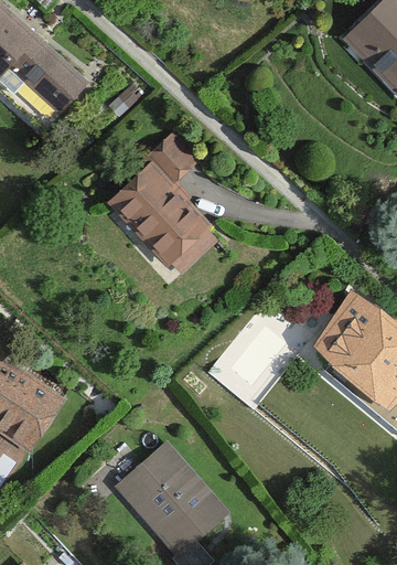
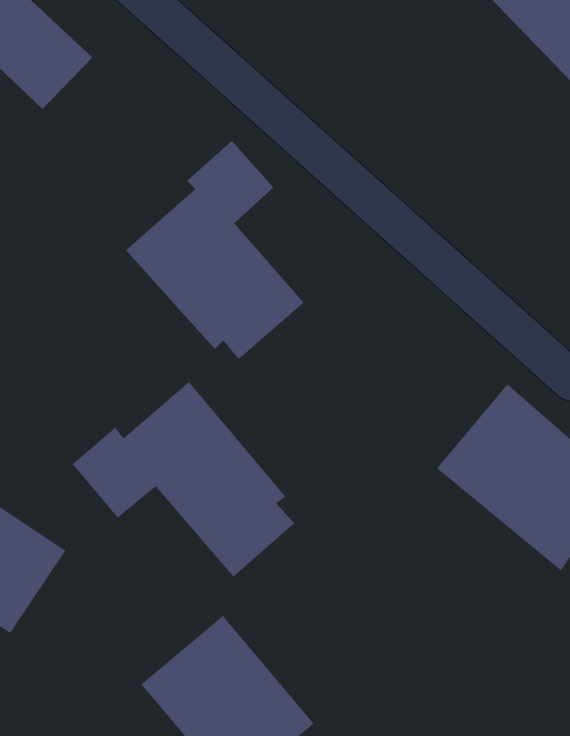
building: none -> [72,381,295,577]

